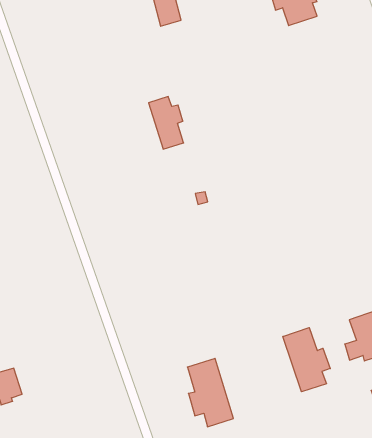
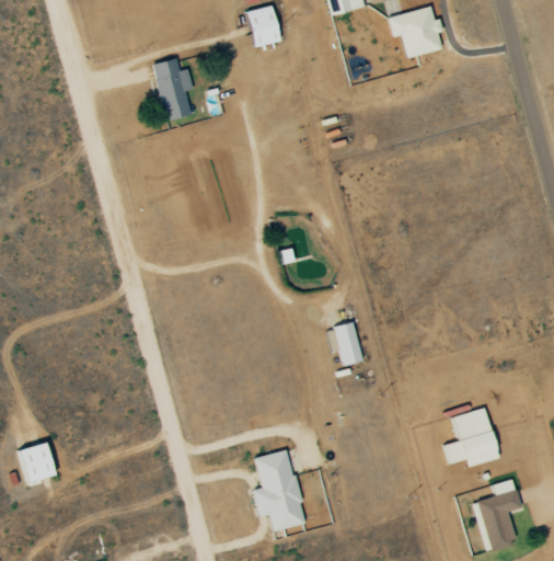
building: [149,97,184,149] -> [153,57,193,119]
building: none -> [326,321,363,365]
building: [283,328,330,392] -> none

